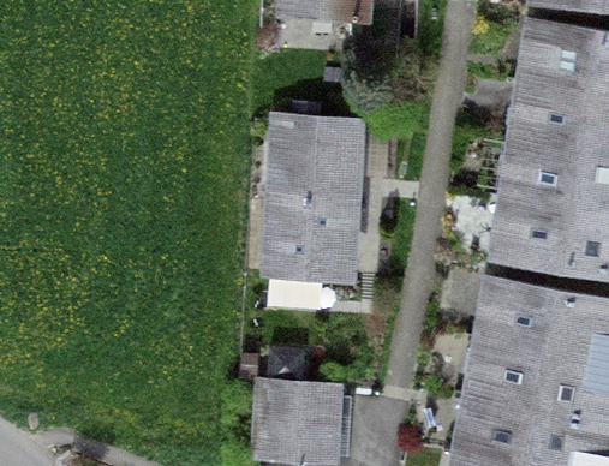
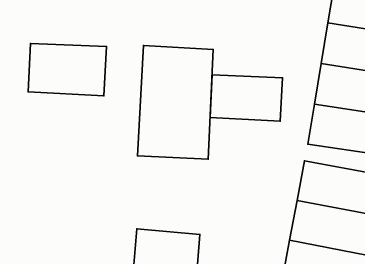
building: none -> [28,43,106,96]
building: none -> [210,75,283,121]

